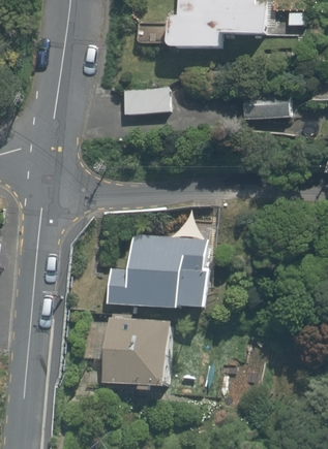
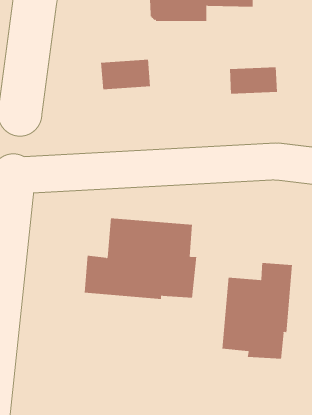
building: none -> [222,262,293,360]
building: [108,316,181,386] -> none

